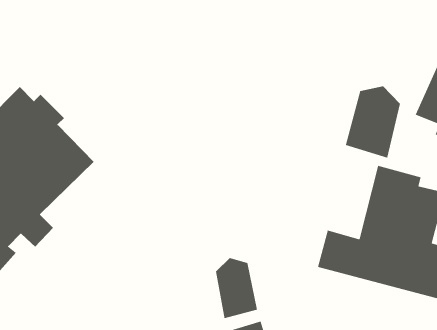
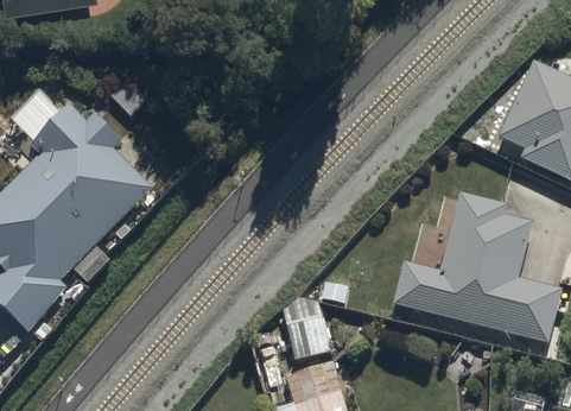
building: [345,86,401,158] -> none

